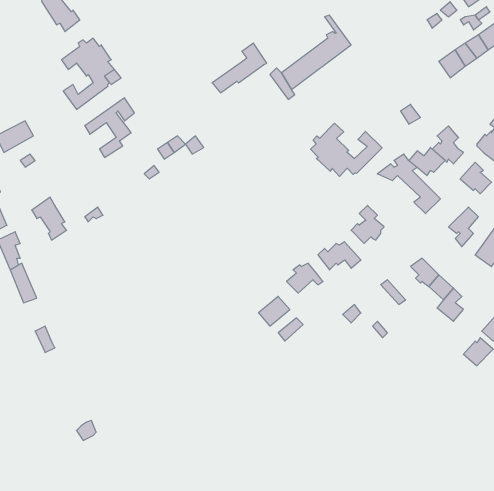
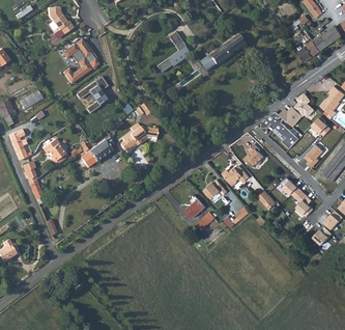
building: [311,123,382,176] -> none
building: none -> [120,123,157,153]
building: none -> [81,139,113,166]

